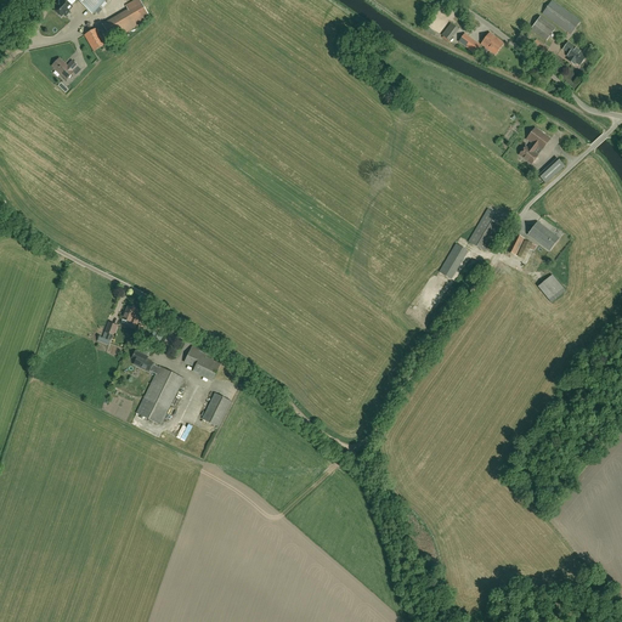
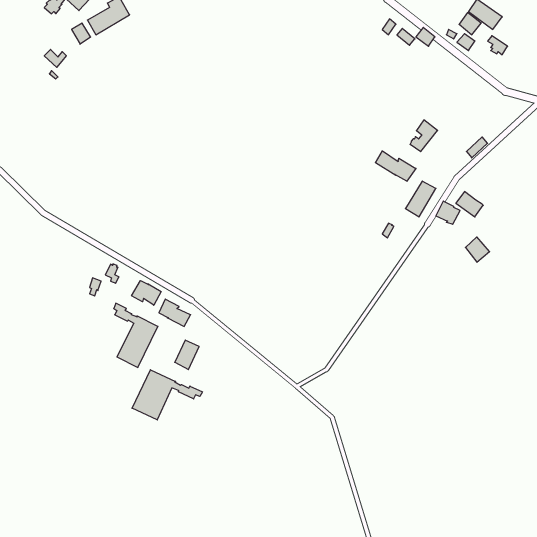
building: [518,126,549,163] -> [410,120,438,152]
building: none -> [375,151,416,181]
building: none -> [132,281,161,305]
building: none -> [132,370,202,420]

